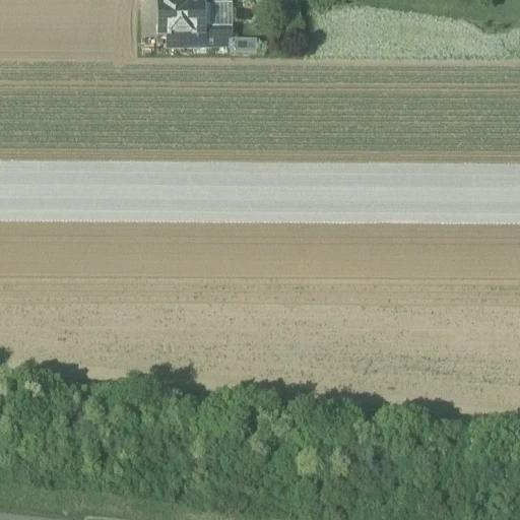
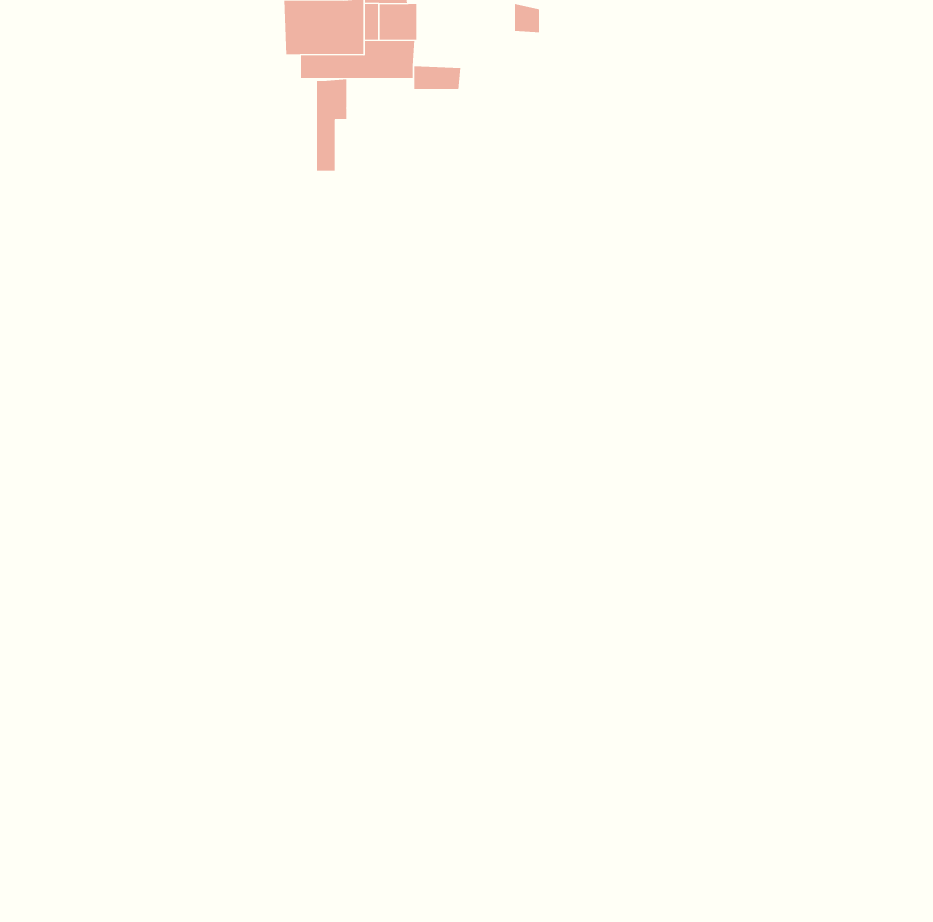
building: none -> [317,79,347,171]

